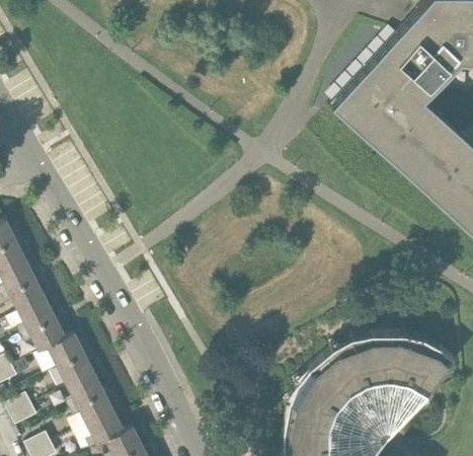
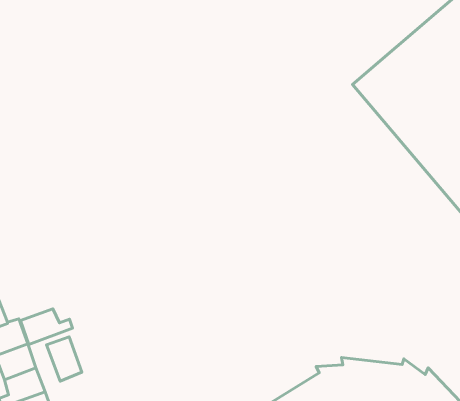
building: none -> [20,309,72,345]
building: none -> [47,337,82,381]

